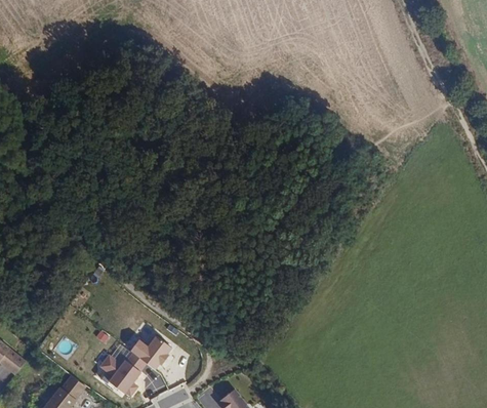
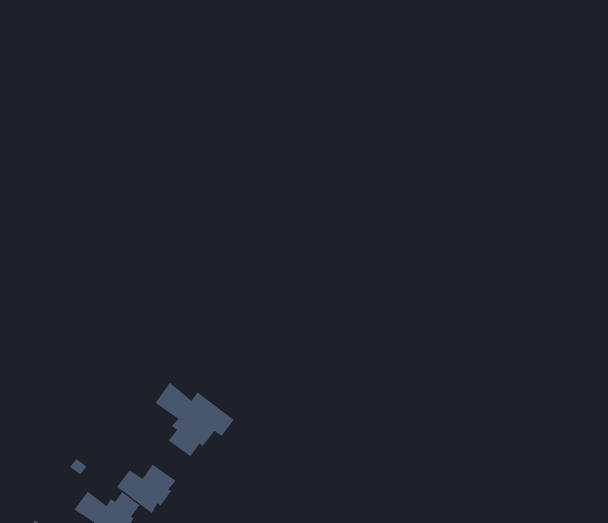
building: none -> [155,382,235,457]

